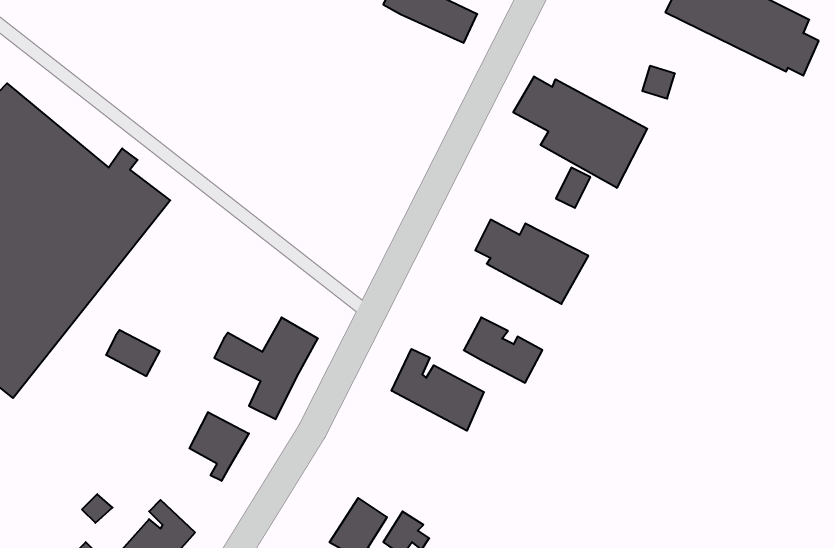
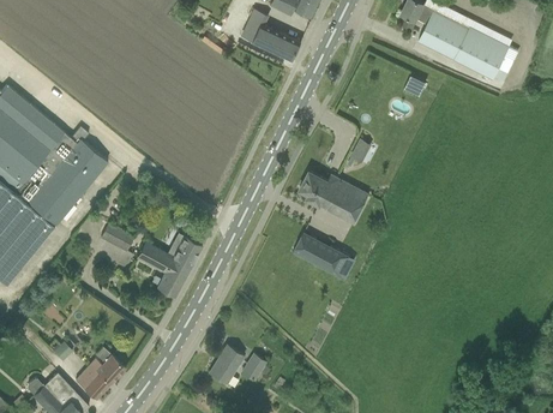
building: [513,76,647,188] -> none
building: [106,330,160,376] -> [100,223,133,252]
building: [392,349,484,431] -> none
building: [189,412,249,481] -> none

